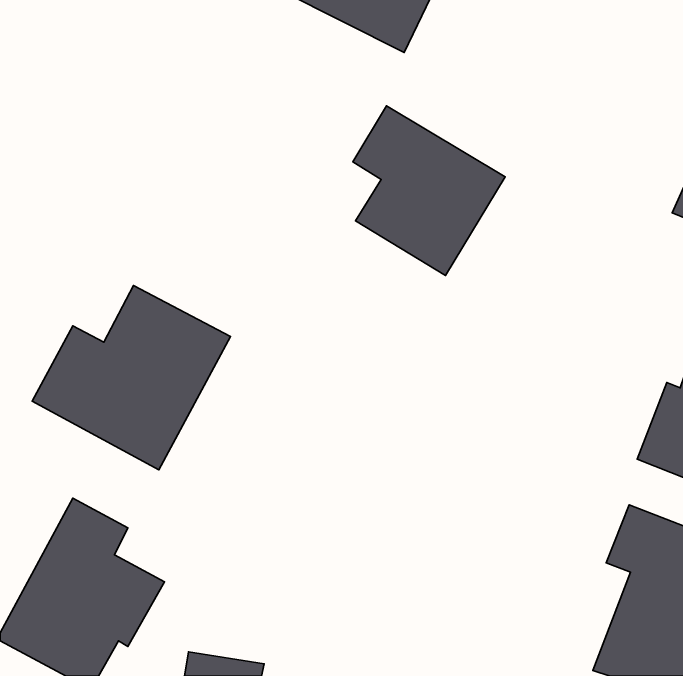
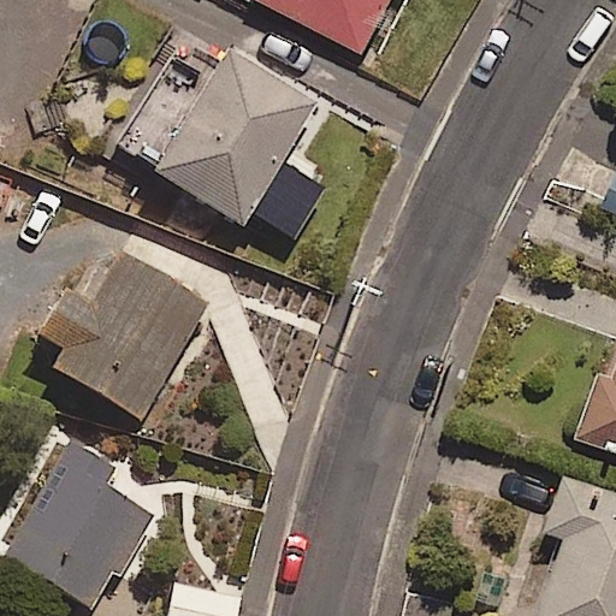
building: none -> [154,49,318,230]
building: [353,106,505,276] -> none

